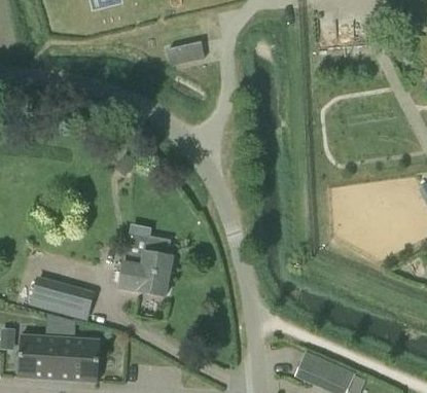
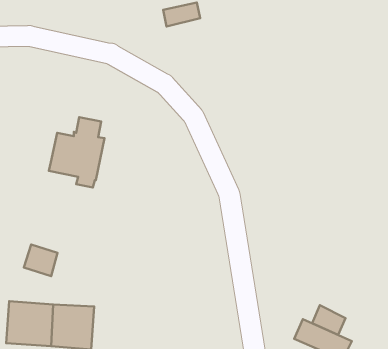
building: [119,236,174,305] -> [49,117,104,187]
building: [59,287,94,317] -> none
building: none -> [312,305,345,335]

